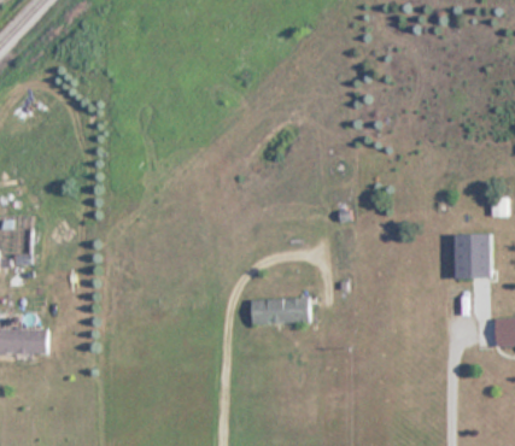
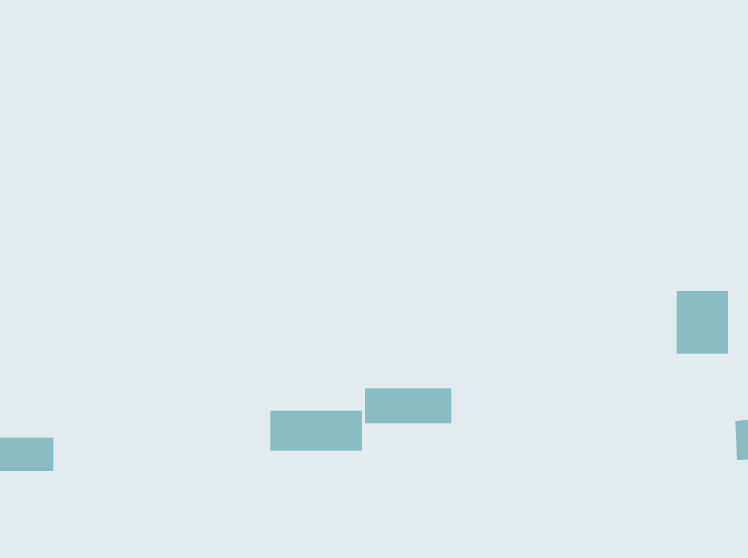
building: none -> [270,410,363,452]

